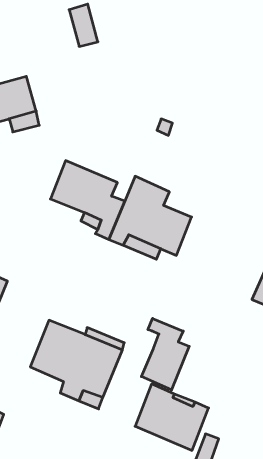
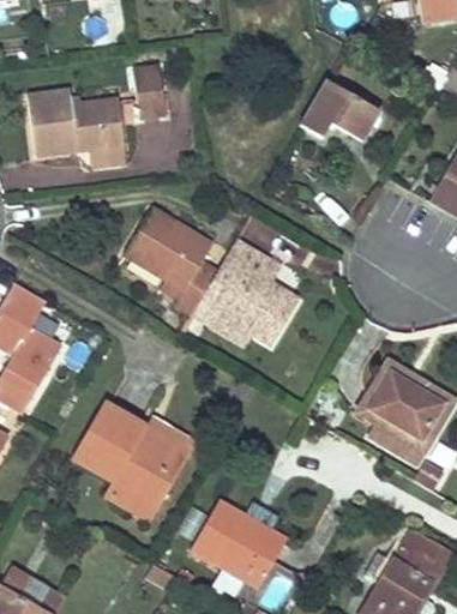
building: [69,4,98,46] -> [134,65,164,115]
building: none -> [300,79,377,138]
building: [141,318,189,390] -> none

